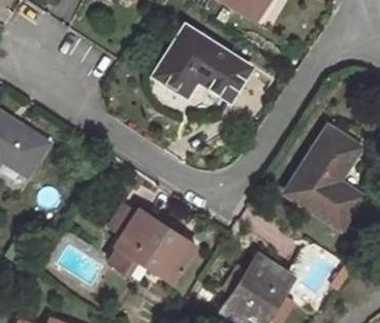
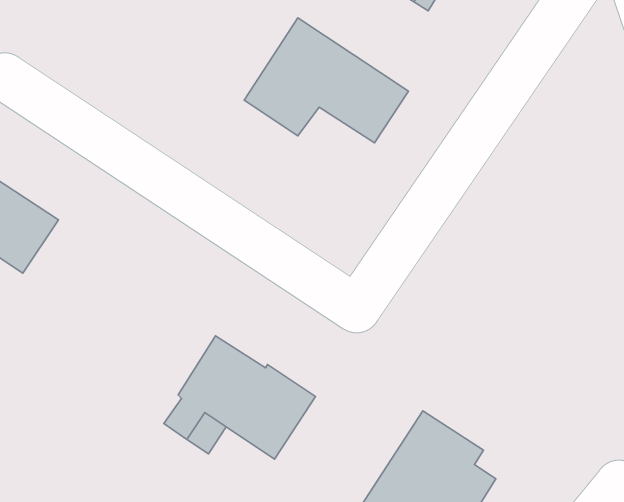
building: [285,126,359,225] -> none

